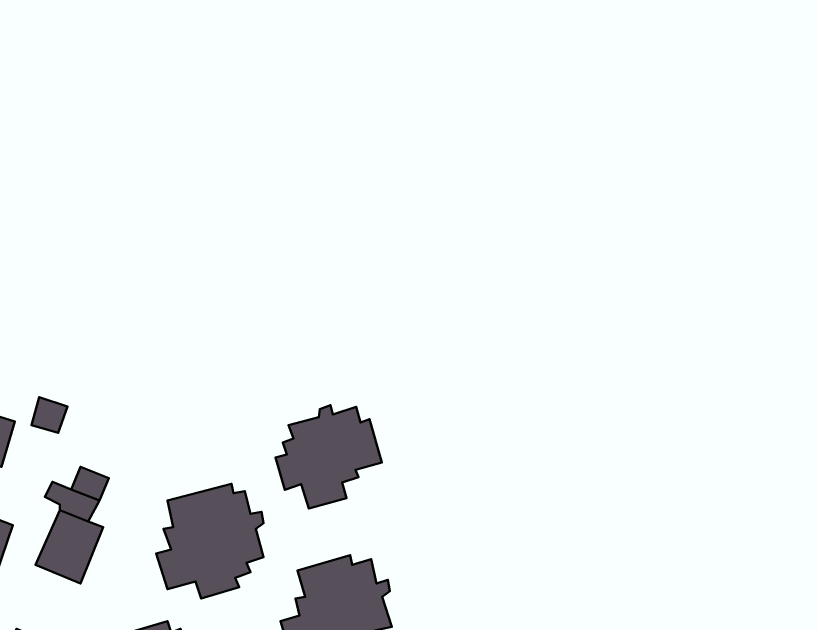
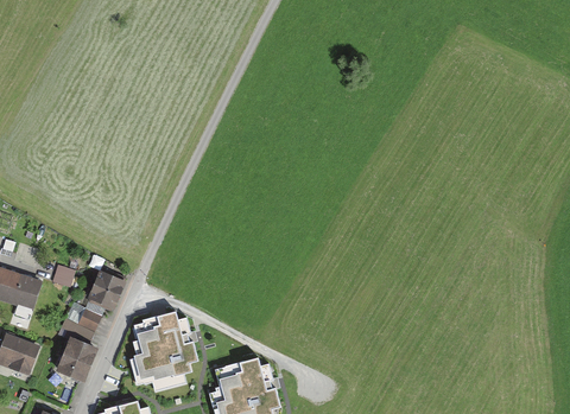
building: none -> [86,268,126,310]
building: [276,405,382,508] -> none

